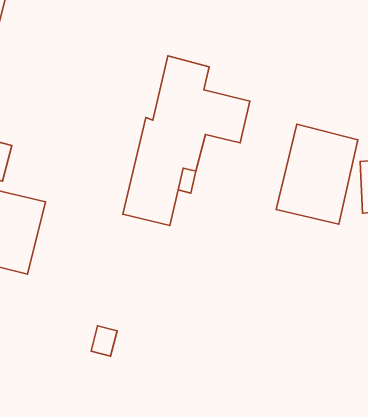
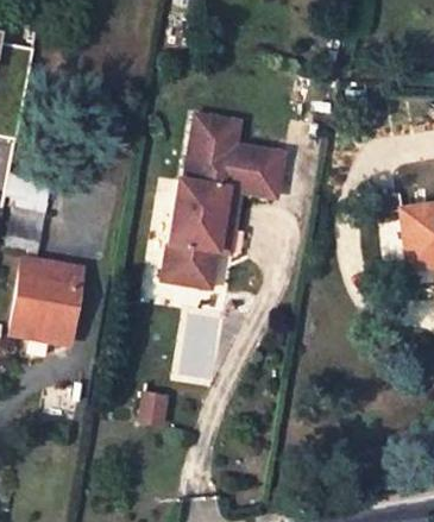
building: [276,124,358,224] -> none

